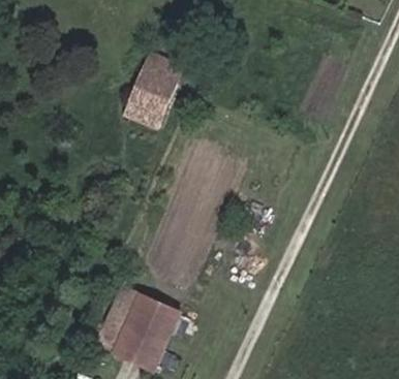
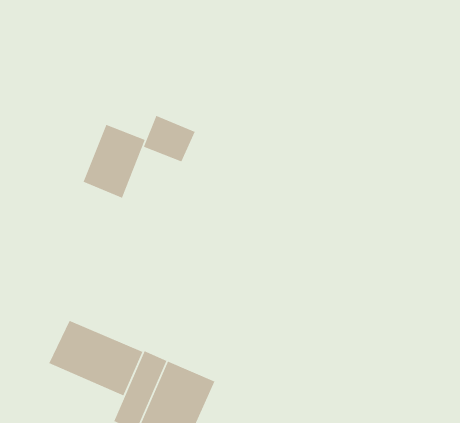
building: [131,53,182,113] -> [83,124,146,199]
building: none -> [48,320,144,397]

